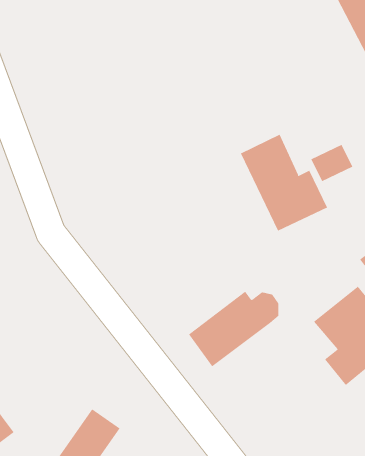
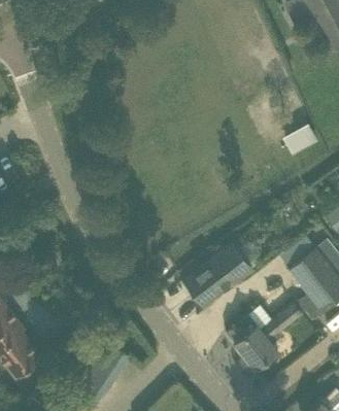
building: [240,134,328,232] -> none
building: none -> [226,305,301,371]

